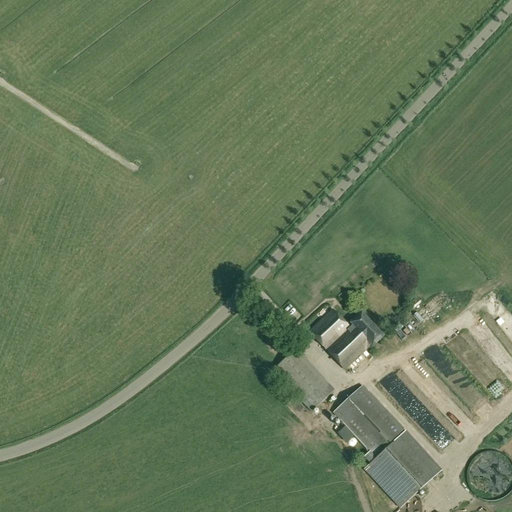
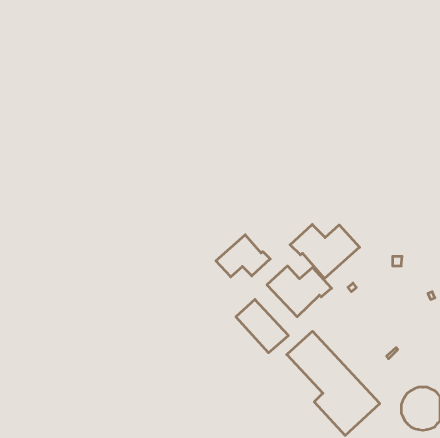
building: none -> [290,224,360,278]
building: none -> [216,235,270,277]

